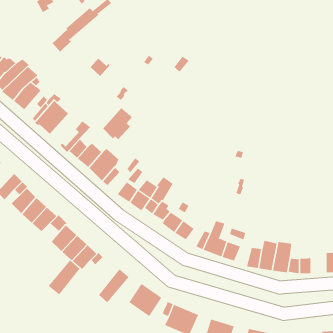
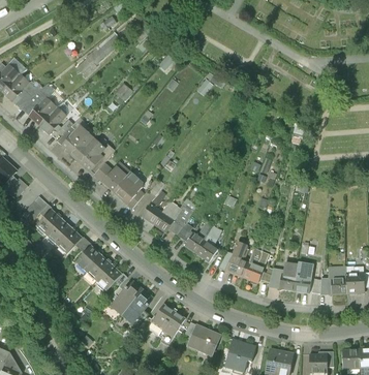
building: [102,108,133,140] -> [74,136,104,168]
building: none -> [329,267,346,294]
building: [48,260,80,295] -> [111,280,143,315]

